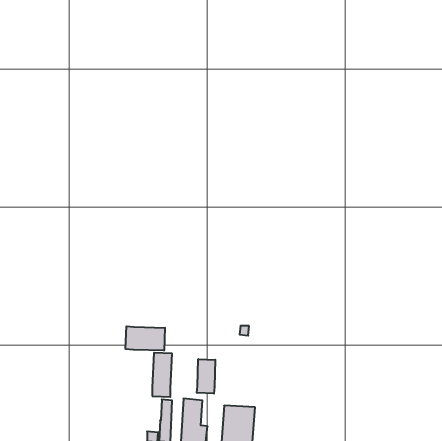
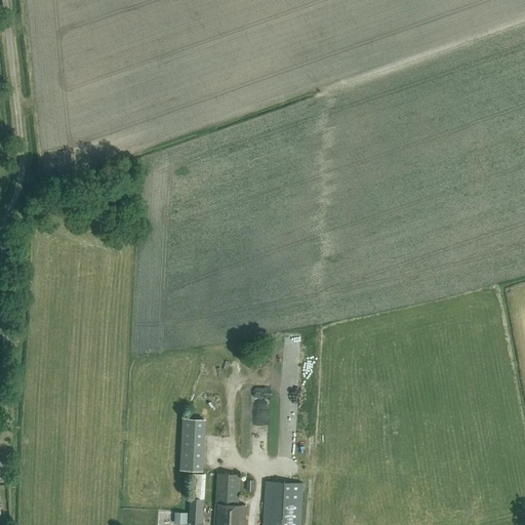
building: [126,326,165,351] -> none
building: [197,359,215,394] -> none

